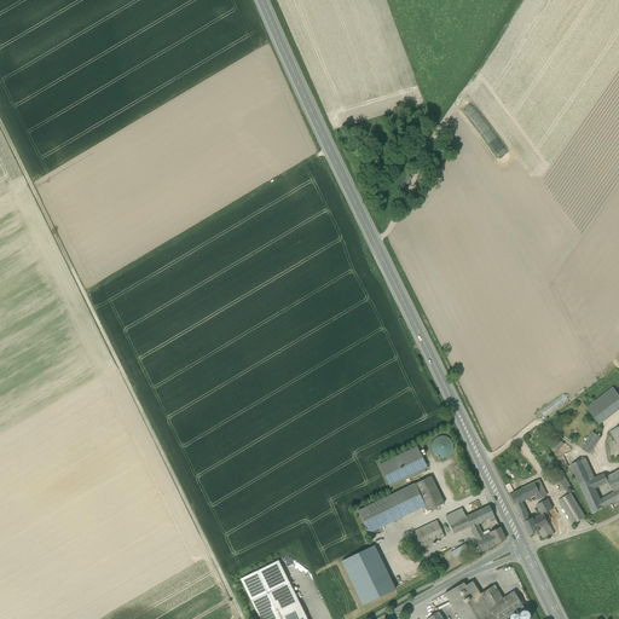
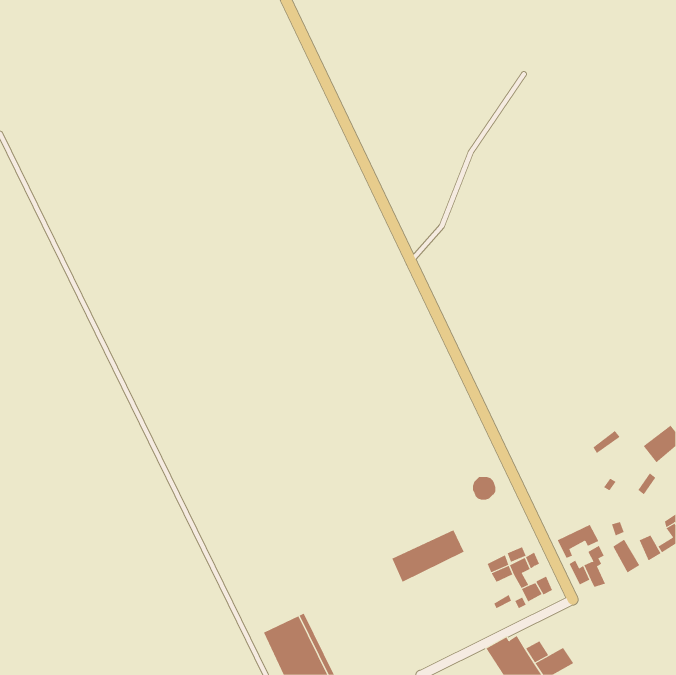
building: [380,446,427,486] -> none
building: [571,457,600,493] -> none
building: [415,475,444,510] -> none
building: [412,519,445,548] -> none
building: [343,544,397,604] -> none

